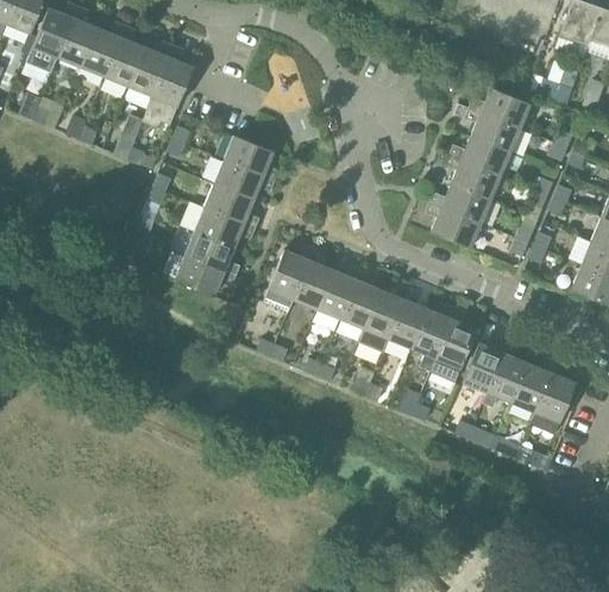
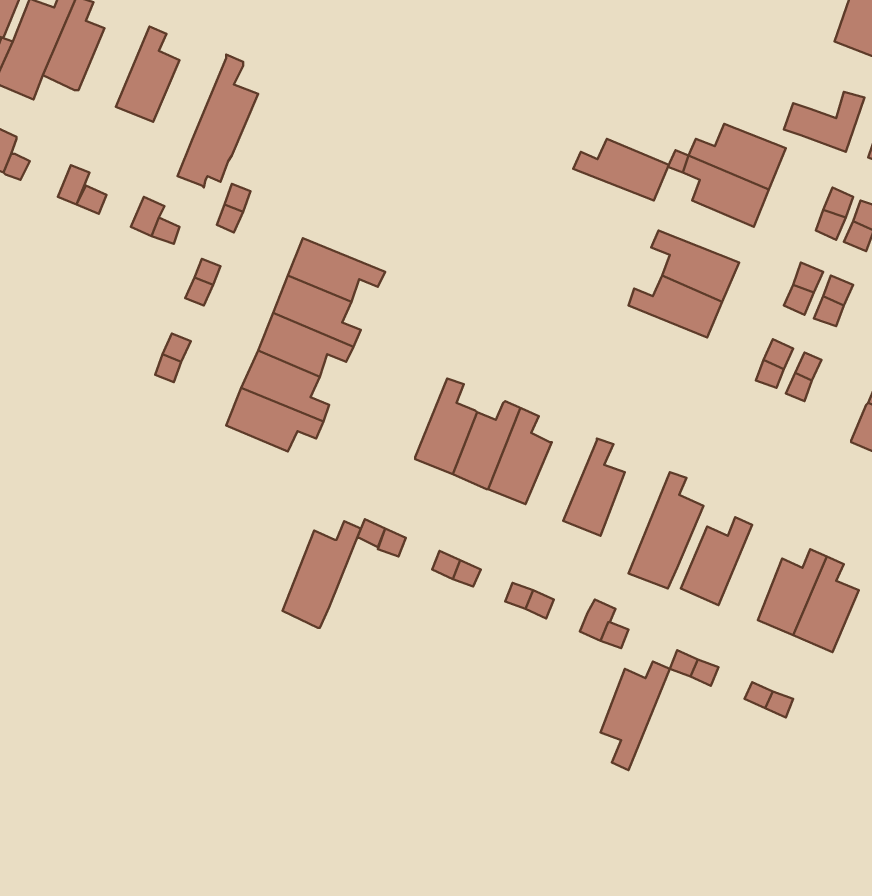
building: [80,21,125,77] -> none
building: [127,40,174,97] -> none
building: [222,136,278,182] -> none
building: [448,137,509,176] -> [573,139,669,201]
building: [425,203,479,248] -> none
building: [264,245,314,313] -> [282,521,361,628]
building: [358,283,409,353] -> none
building: [412,304,456,373] -> [601,661,670,770]
building: [486,342,527,403] -> none

